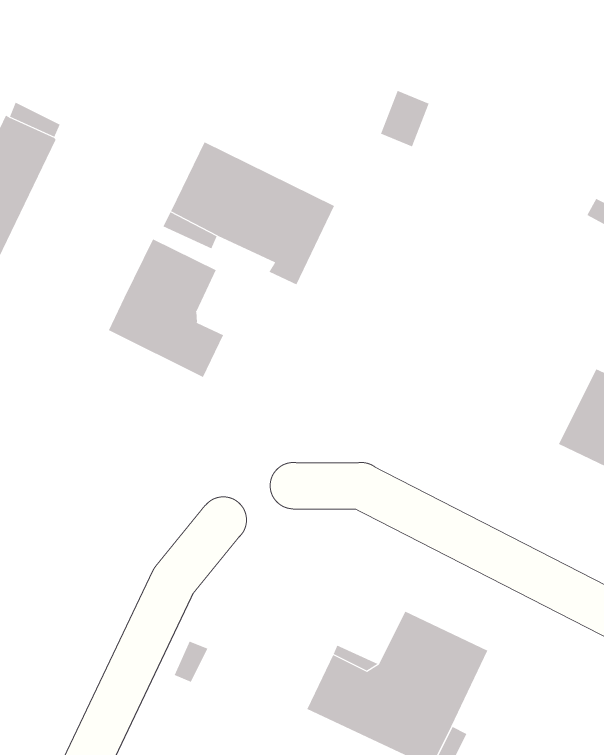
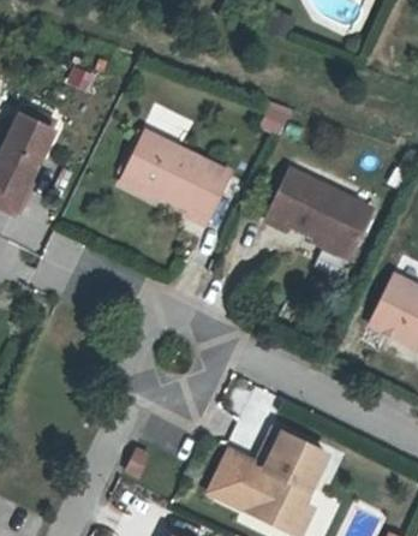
building: none -> [265,171,371,252]
building: [108,239,224,378] -> none

